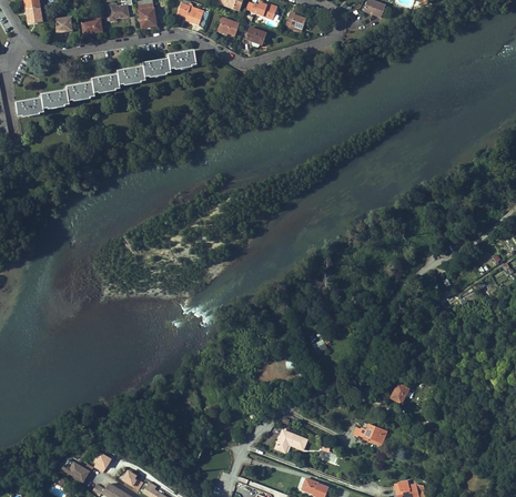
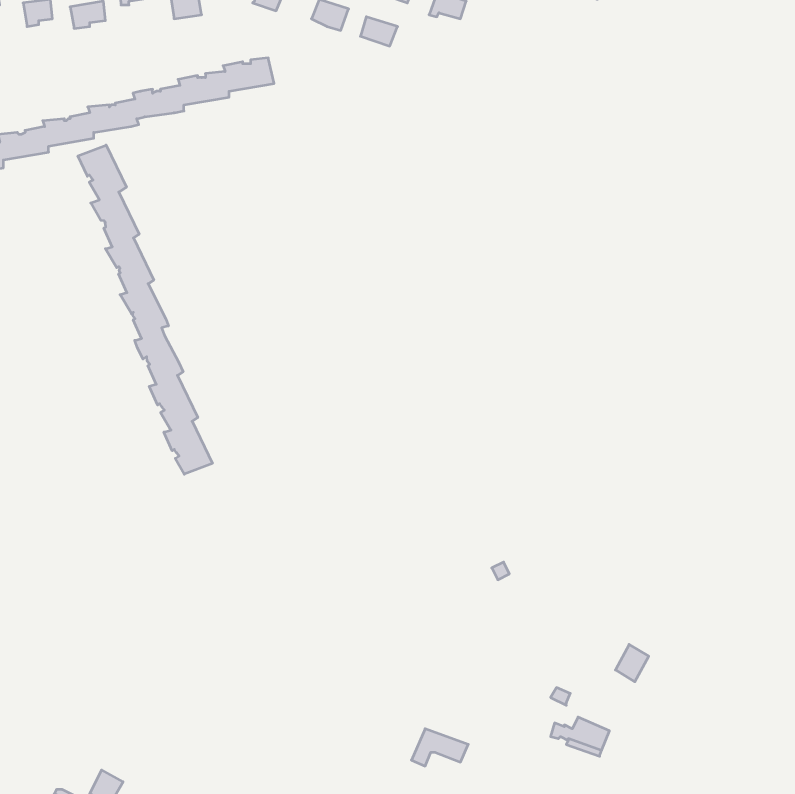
building: none -> [78,145,212,474]

